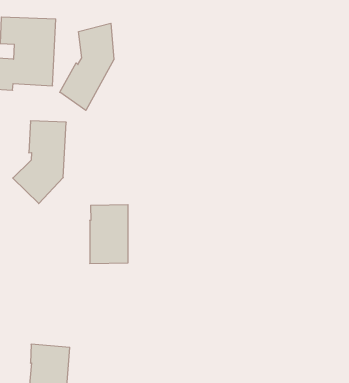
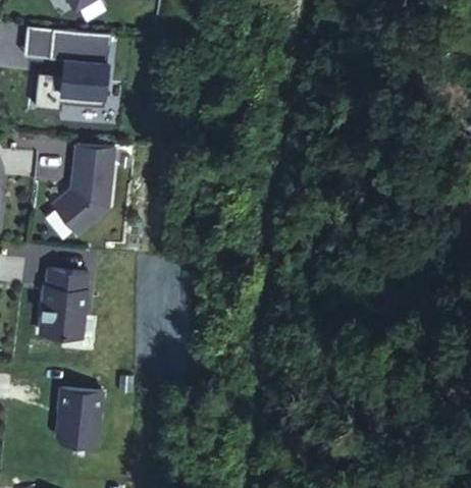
building: [60,23,114,110] -> none
building: [90,205,128,263] -> [43,270,89,335]

